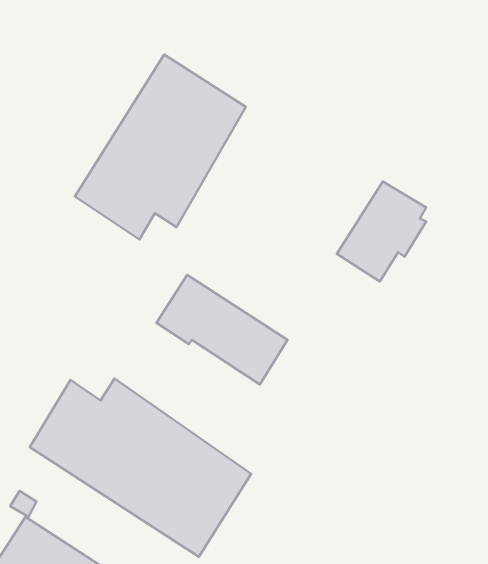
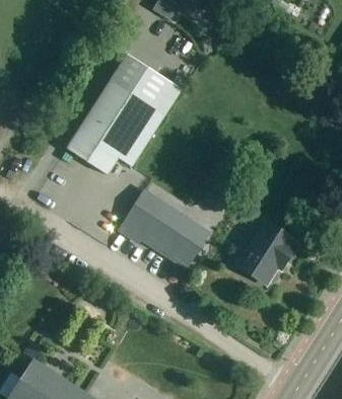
building: [337,181,426,282] -> [235,222,294,288]
building: [30,379,251,557] -> none

